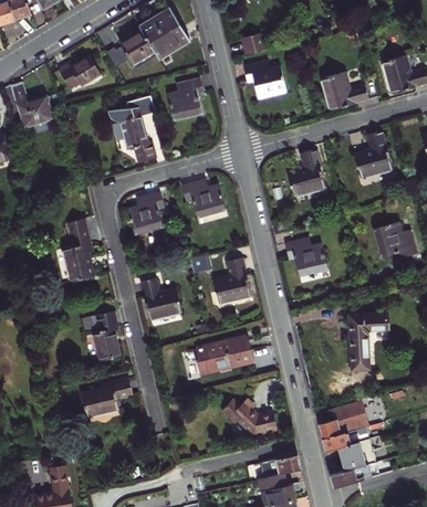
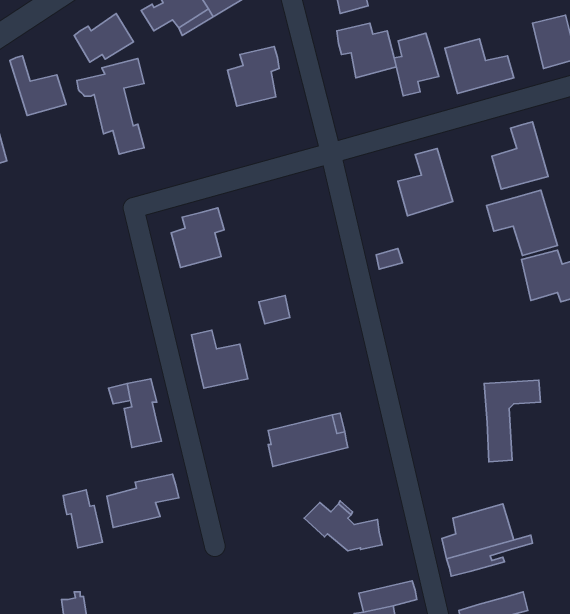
building: none -> [394,33,439,96]
building: [108,95,156,162] -> [77,59,144,154]
building: [181,178,225,216] -> none
building: none -> [487,190,557,256]
building: [63,218,94,283] -> none
building: [284,236,327,275] -> none
building: [214,257,251,303] -> none
building: none -> [63,490,102,548]
building: [339,439,376,471] -> none

